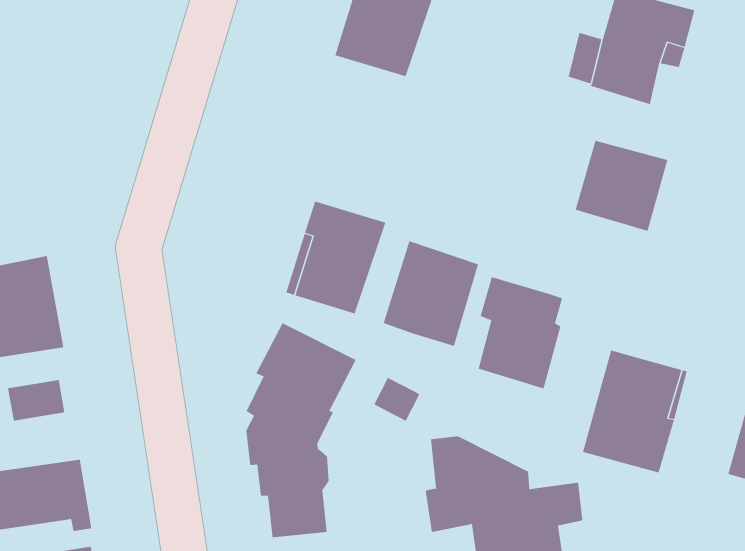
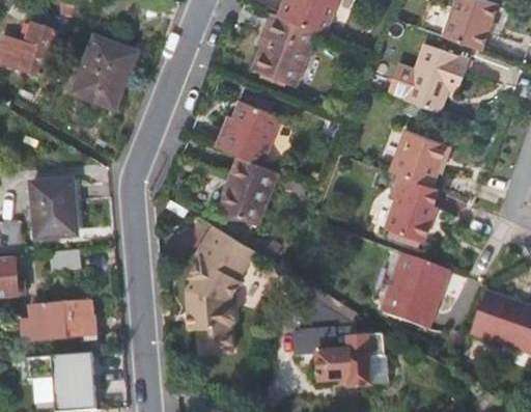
building: none -> [71,37,134,110]
building: [383,241,479,347] -> [220,101,279,165]
building: [478,277,563,389] -> [387,174,440,243]

